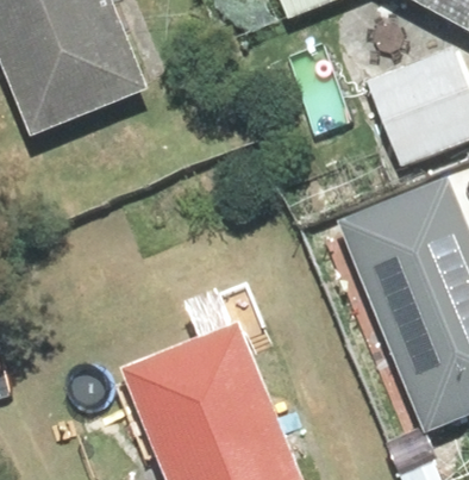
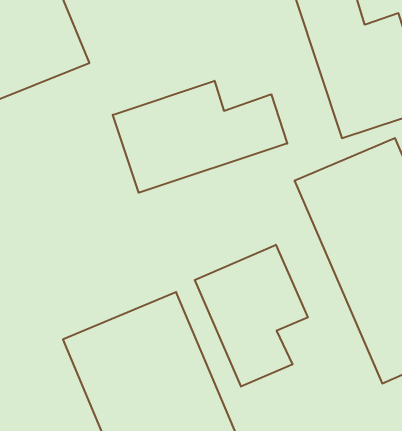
building: none -> [113,81,287,193]
building: none -> [195,245,308,387]

